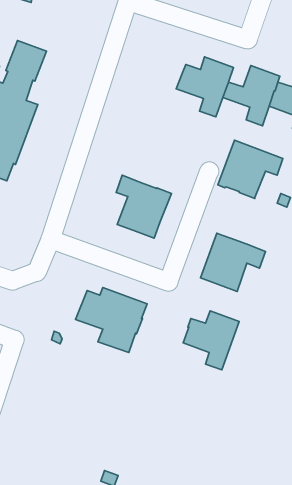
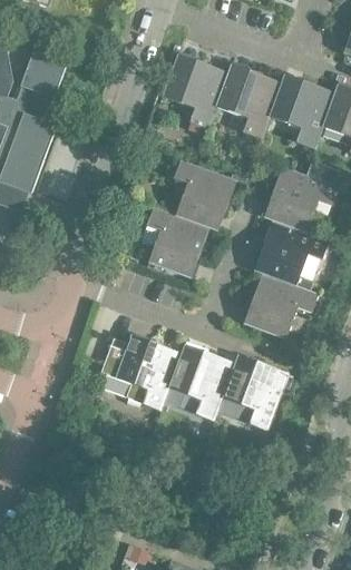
building: none -> [162,53,228,128]
building: none -> [173,158,236,220]
building: none -> [260,218,328,284]
building: none -> [169,351,235,419]

